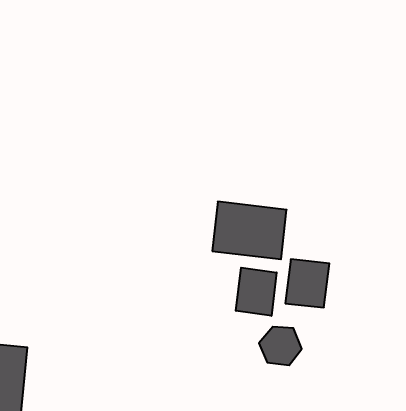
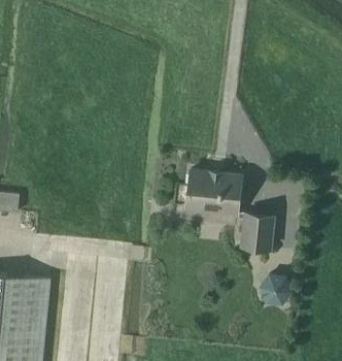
building: [236,268,277,316] -> none
building: [259,327,302,365] -> [259,273,290,302]

